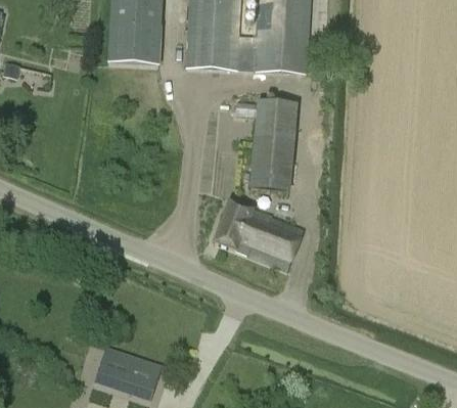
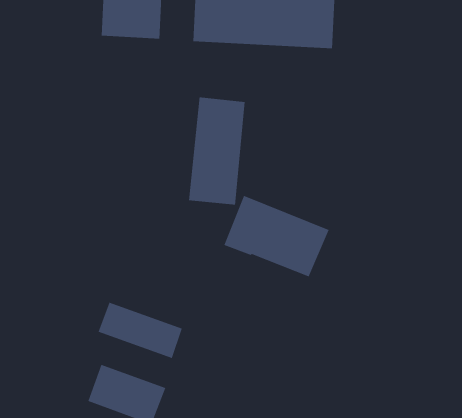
building: [248,99,298,192] -> [188,97,245,205]
building: none -> [98,302,182,359]

